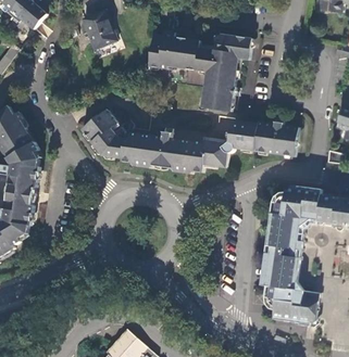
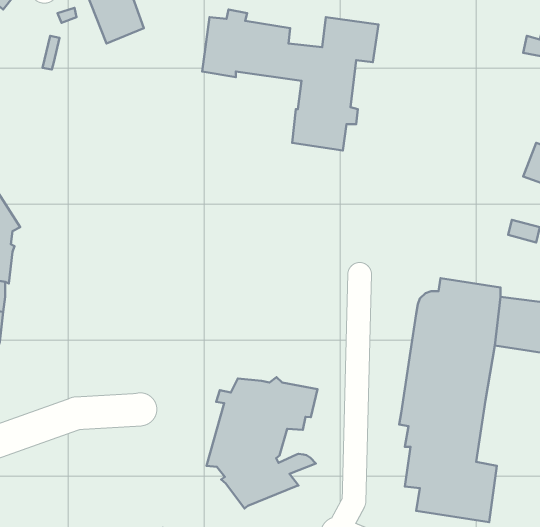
building: [78,107,297,171] -> none
building: none -> [206,377,318,509]

